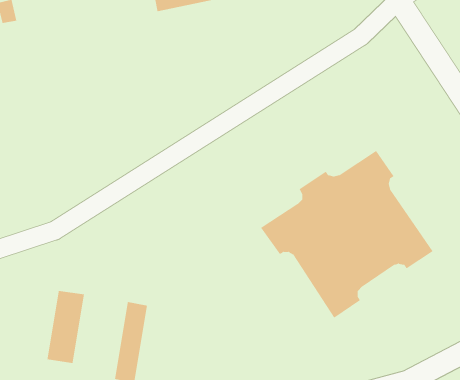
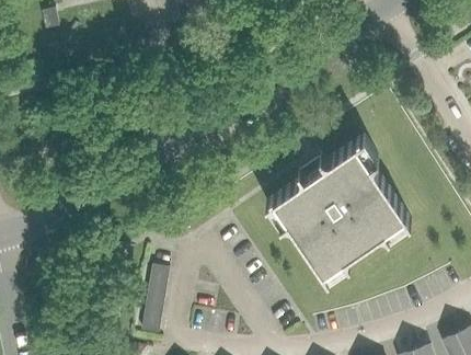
building: [47,290,85,364] -> none

